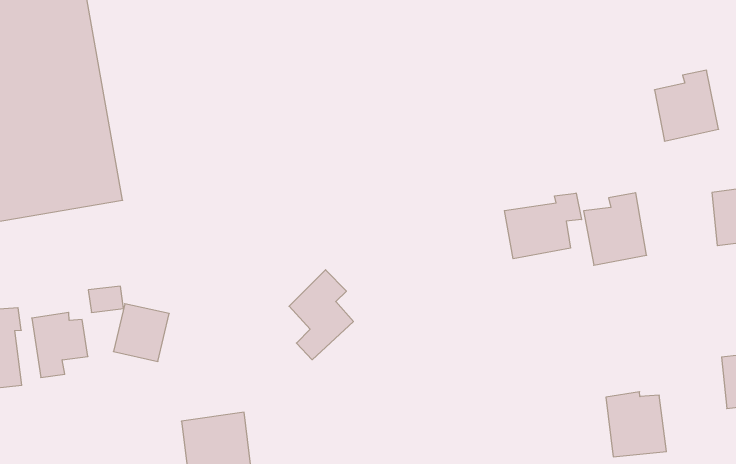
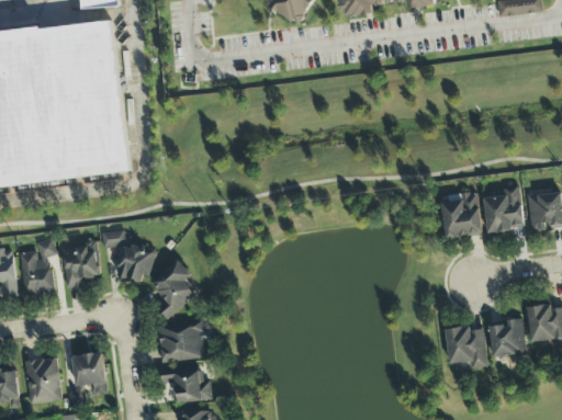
building: [654,70,719,141] -> [482,186,524,232]
building: [504,193,582,259] -> none
building: [289,270,353,360] -> [151,259,194,319]
building: none -> [487,318,525,357]

